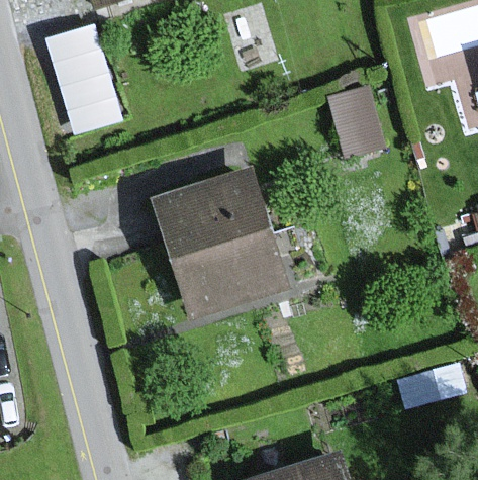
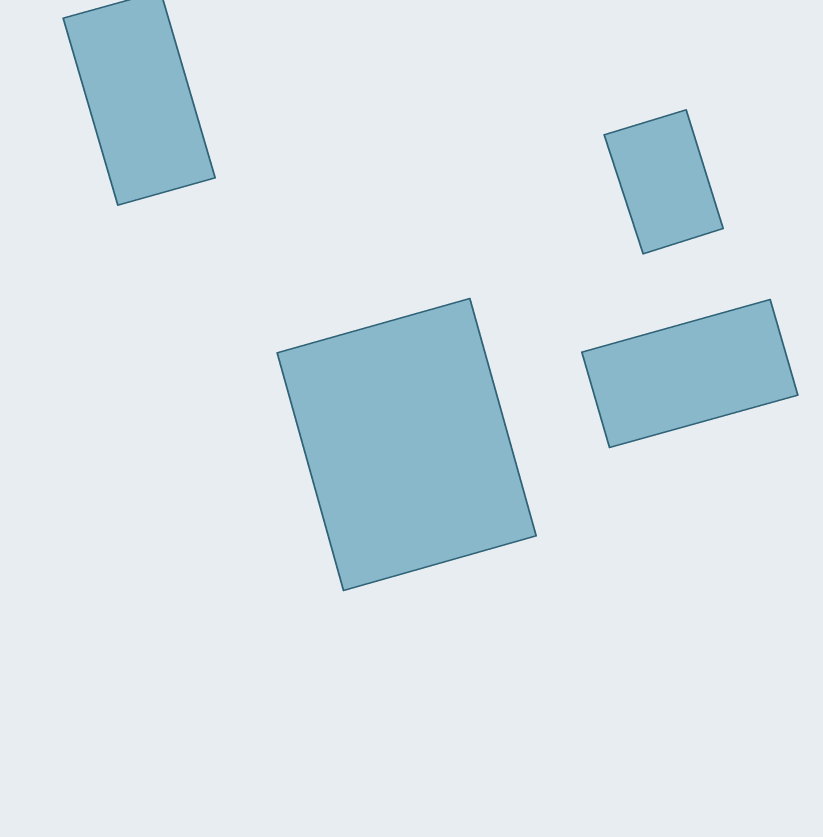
building: none -> [582,300,798,448]

